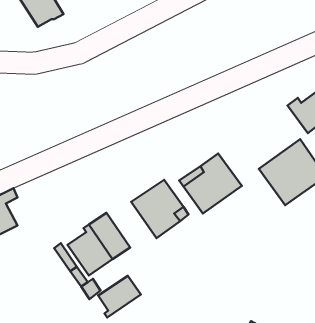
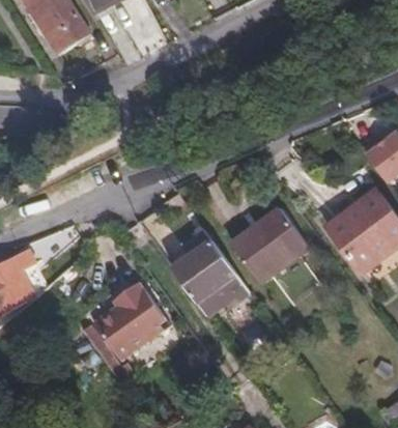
building: [98,276,141,317] -> none

